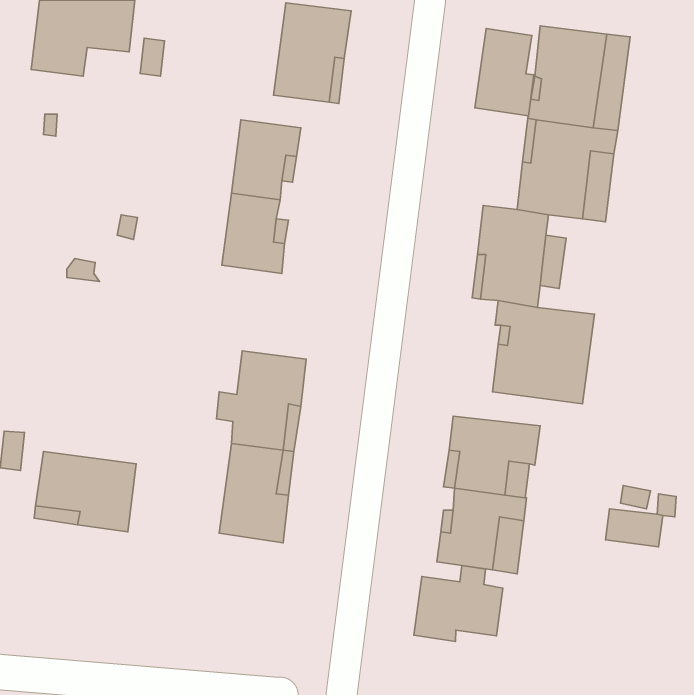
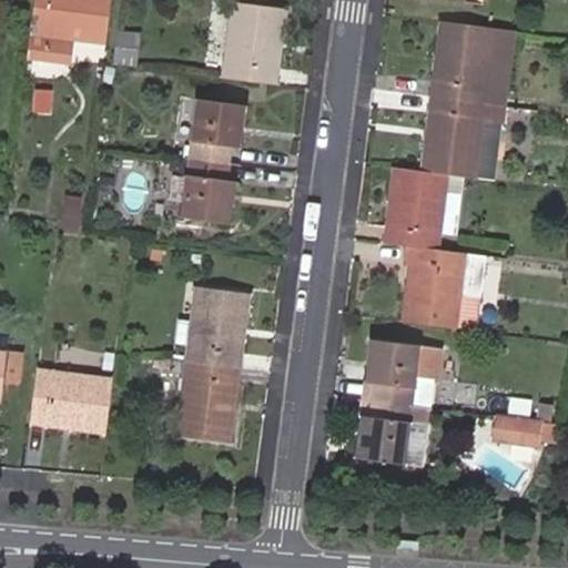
building: [475,28,534,116] -> none
building: [414,565,503,642] -> none

